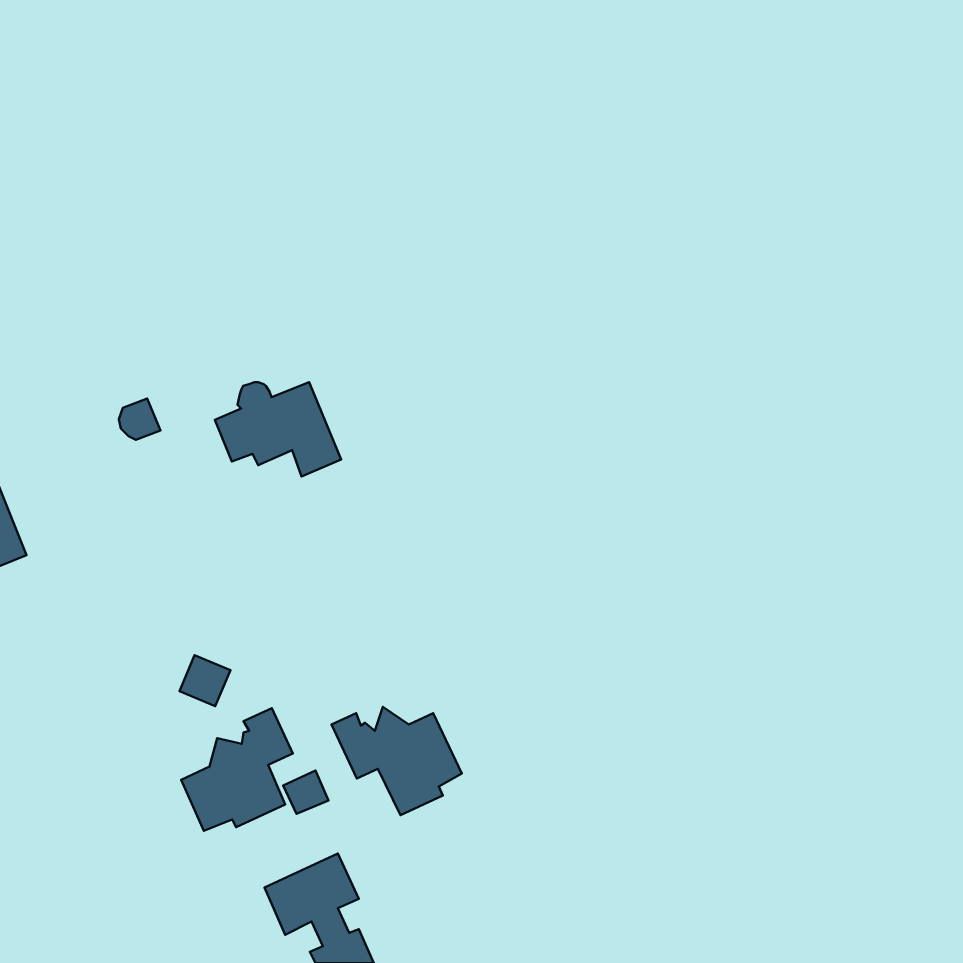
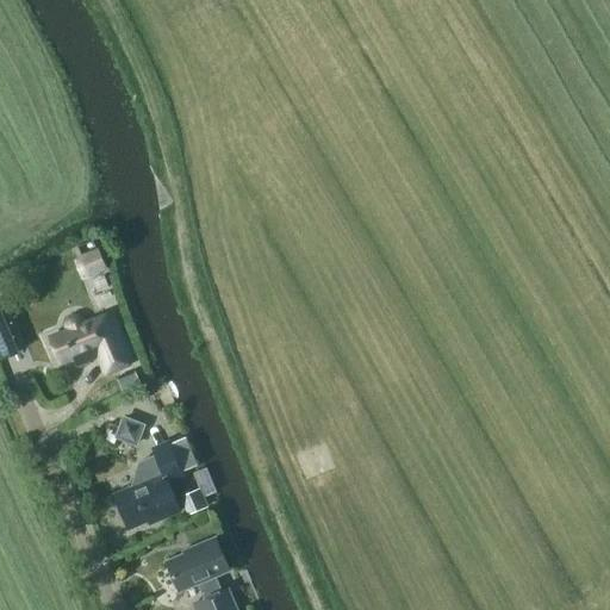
building: [215,382,341,477] -> [50,312,130,372]
building: [332,707,462,815] -> none

